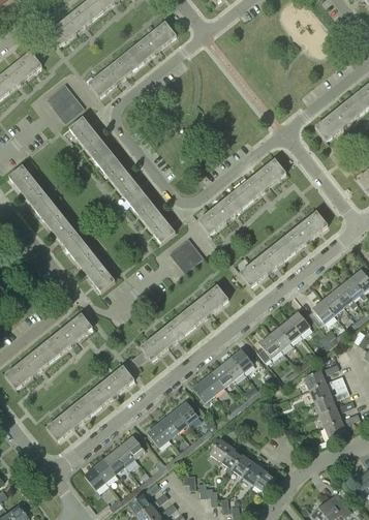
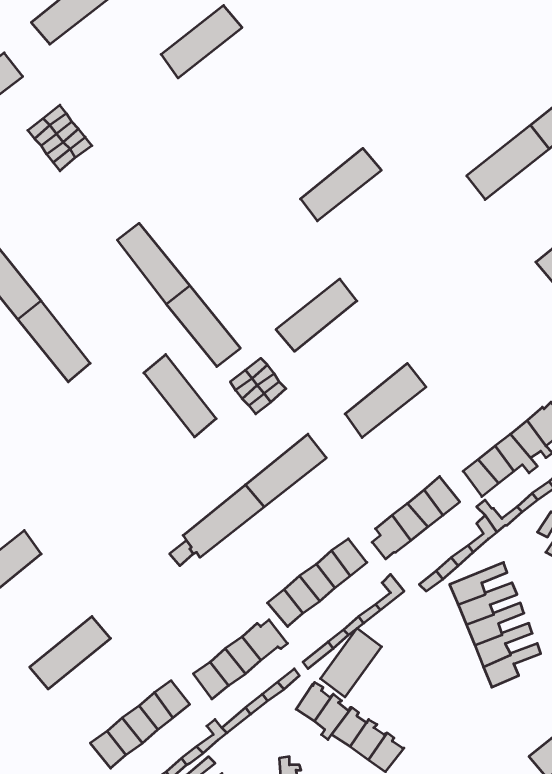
building: [88,52,137,97] -> none
building: [69,116,114,165] -> none
building: [237,158,286,203] -> [300,148,381,221]
building: [278,210,328,255] -> none
building: [70,241,115,292] -> [144,354,216,437]
building: [43,312,93,358] -> none
building: [85,365,134,409] -> none
building: none -> [320,628,382,697]

